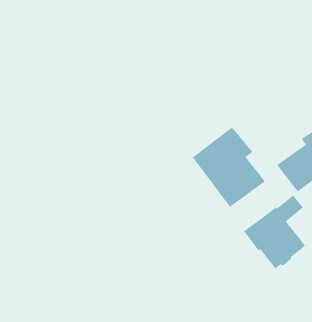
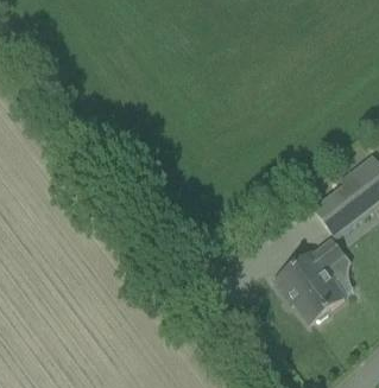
building: [192,127,266,208] -> none

